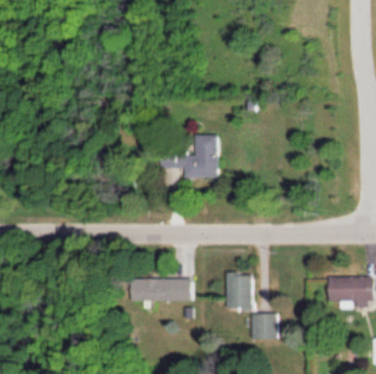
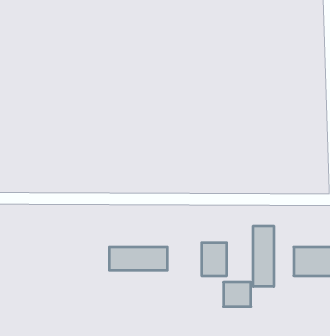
building: [167,143,216,178] -> none
building: none -> [253,226,274,287]

